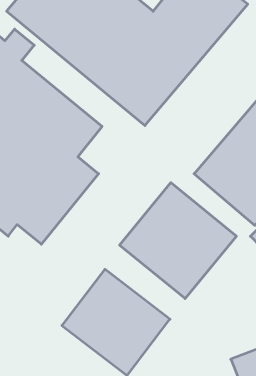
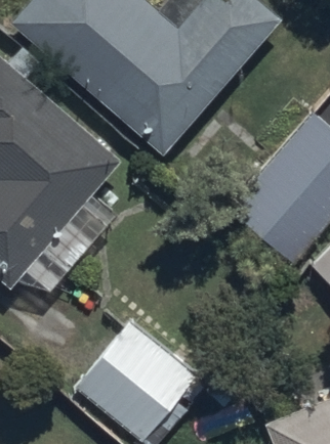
building: [120,183,236,299] -> none

